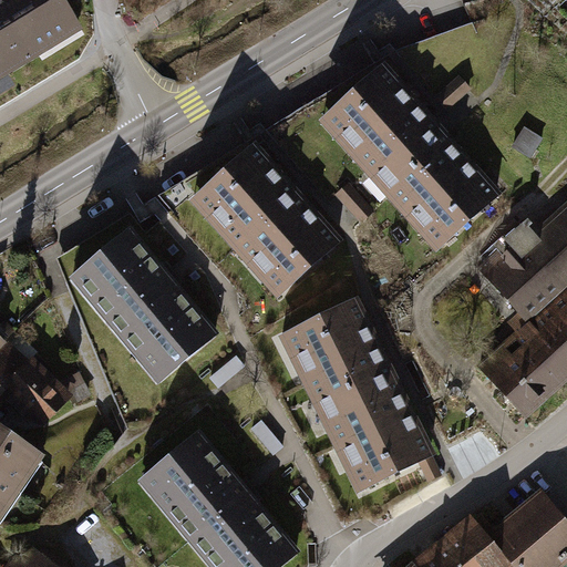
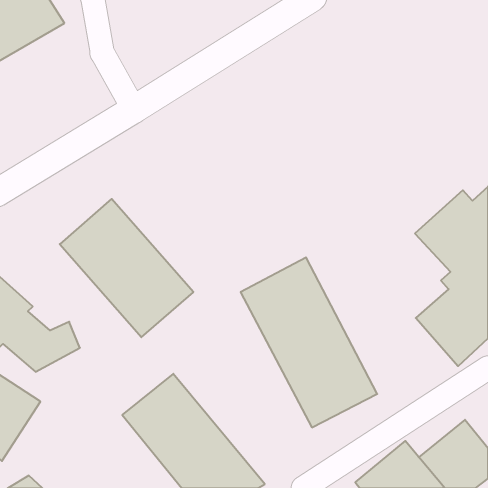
building: [317,64,504,257] -> none
building: [189,145,339,299] -> none

